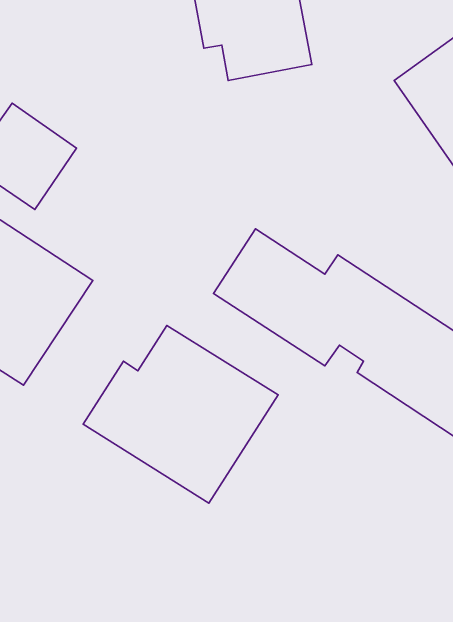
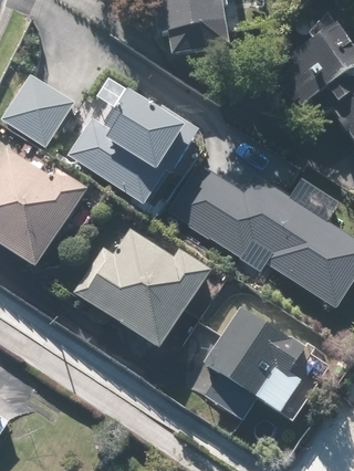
building: none -> [67,92,190,205]
building: none -> [202,308,304,416]

